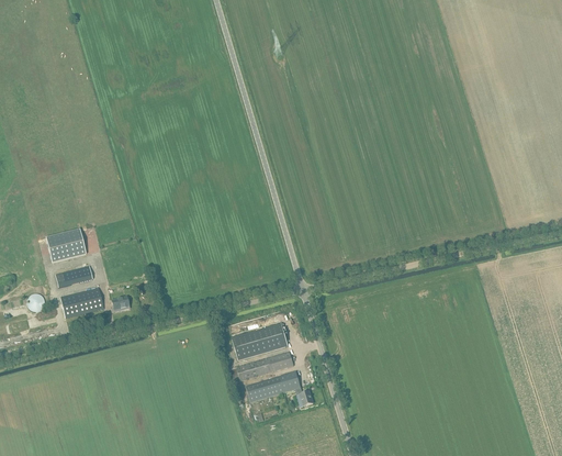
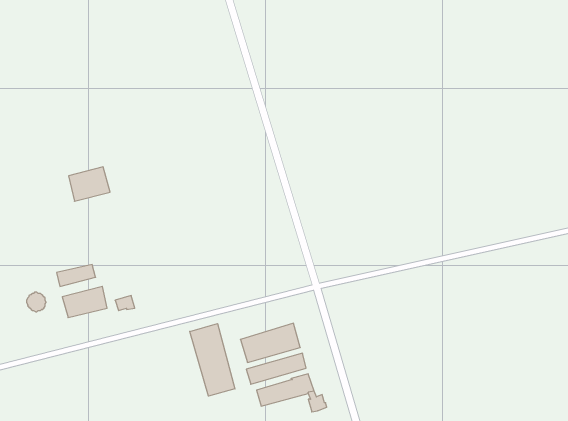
building: [47,229,87,262] -> [69,167,110,201]
building: none -> [190,324,235,396]

